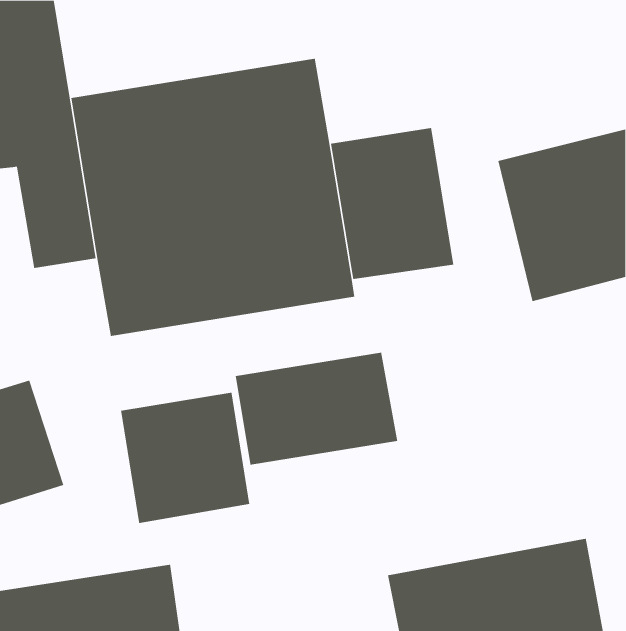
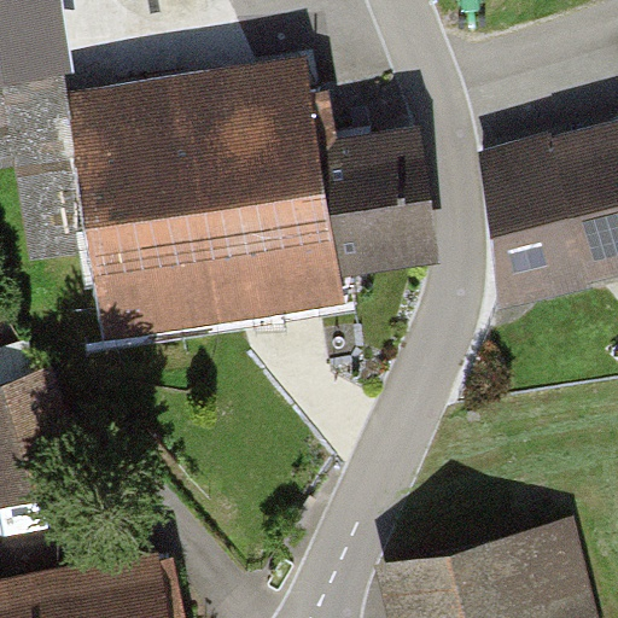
building: [235,352,398,466] -> none
building: [120,392,250,524] -> none

